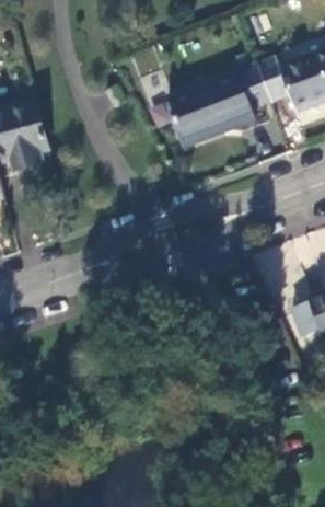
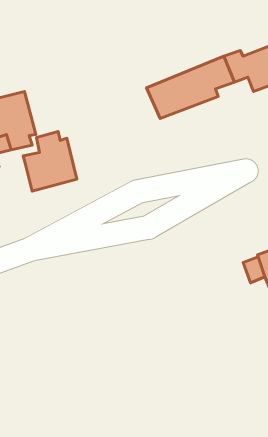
building: none -> [23,131,77,191]

